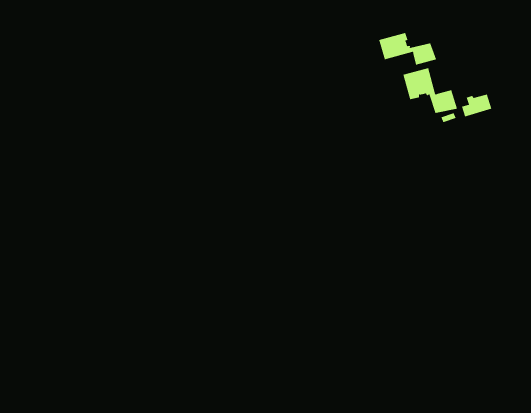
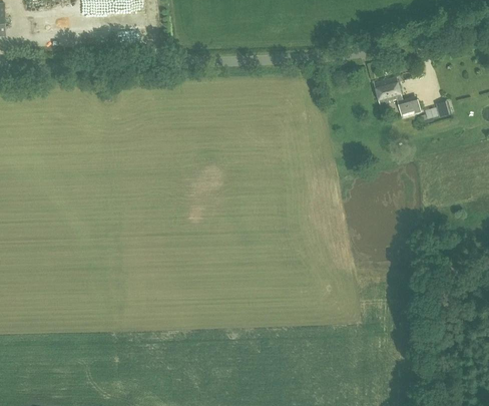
building: [378,32,437,65] -> none

